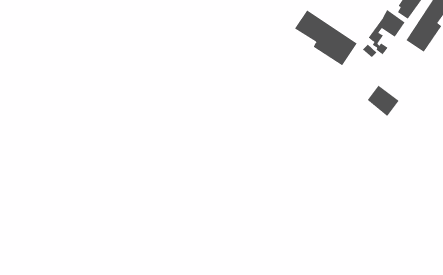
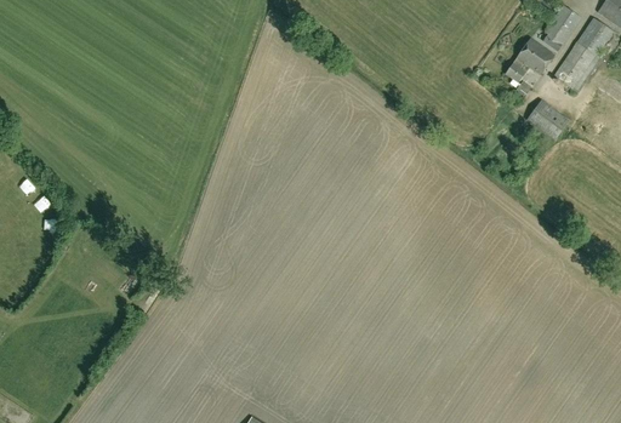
building: [294,10,357,66] -> none
building: [367,85,400,117] -> [526,101,569,142]

